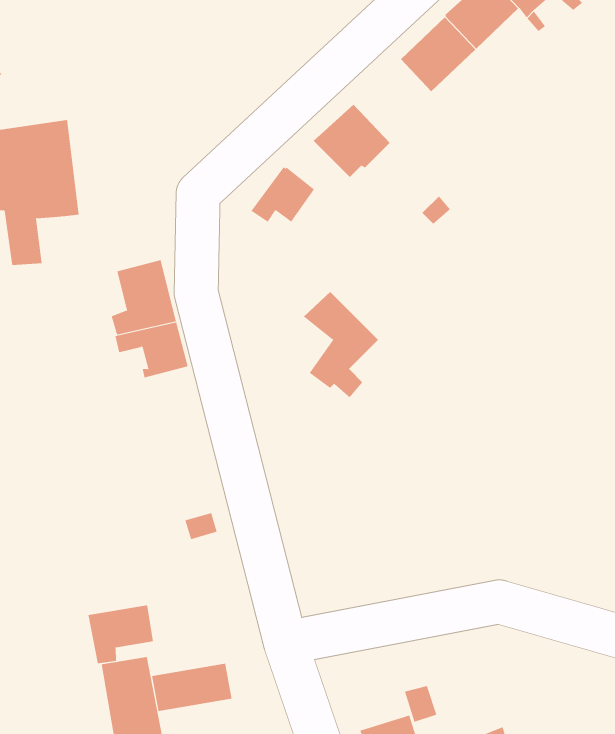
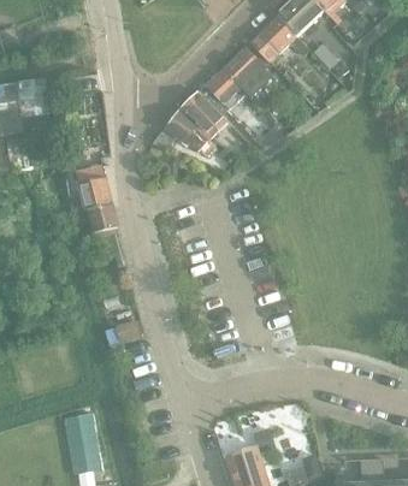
building: none -> [221,45,273,97]
building: [303,291,379,398] -> [179,90,226,156]
building: [88,604,153,664] -> none
building: [152,663,232,712] -> none

